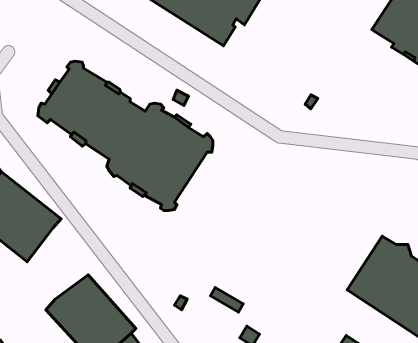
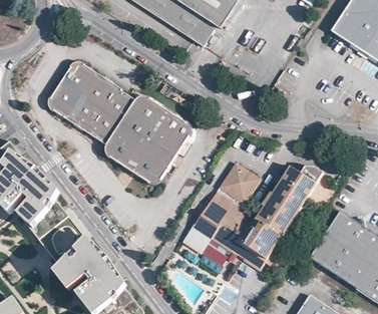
building: none -> [182,162,323,270]
building: none -> [35,203,87,264]

